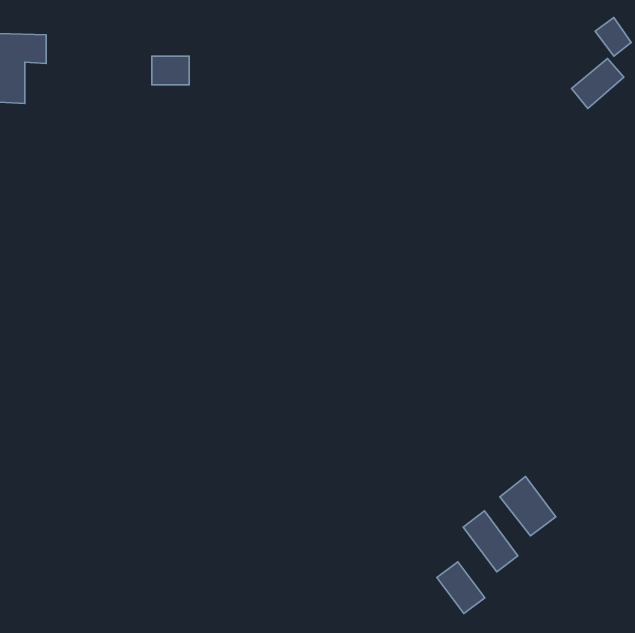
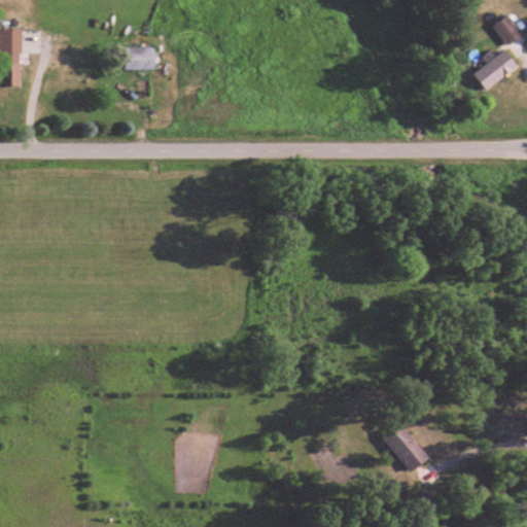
building: [500,476,556,536] -> none
building: [437,562,485,613] -> none

